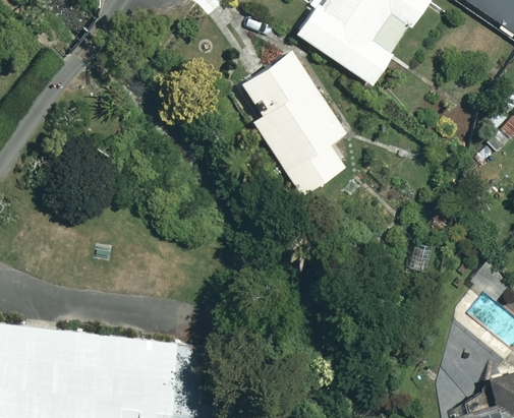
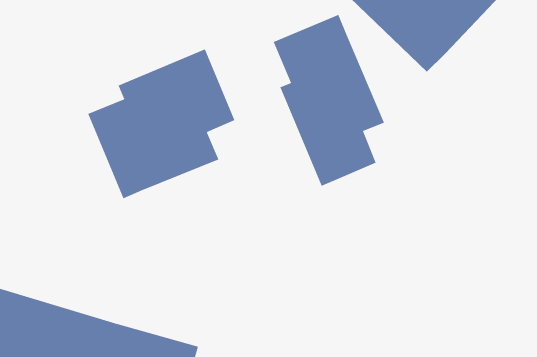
building: none -> [87,49,235,199]

